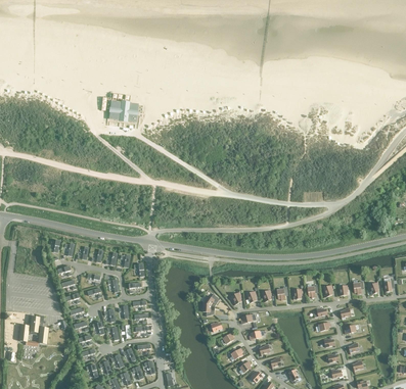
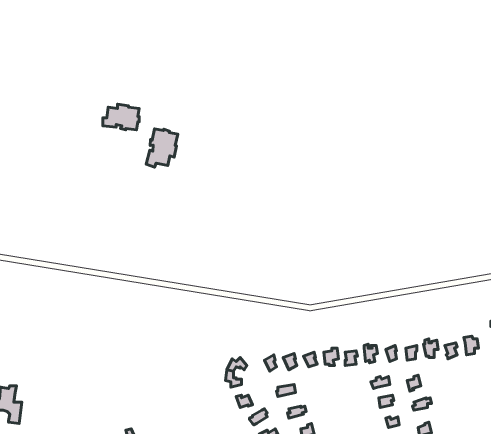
building: none -> [146,129,178,167]

